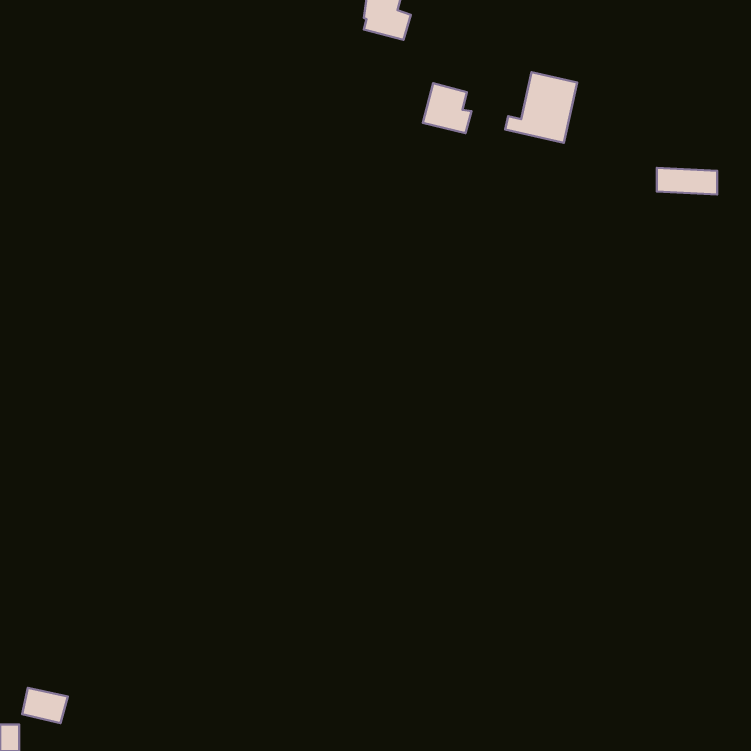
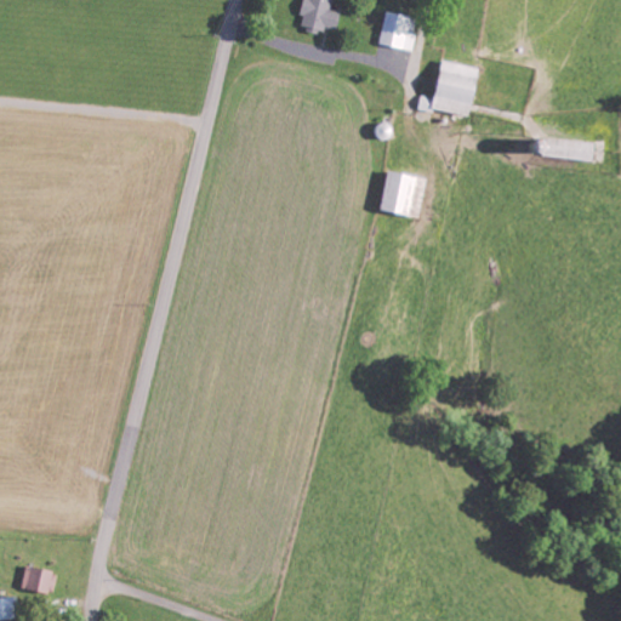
building: [423,83,471,133] -> [377,11,417,52]
building: none -> [377,170,426,218]

